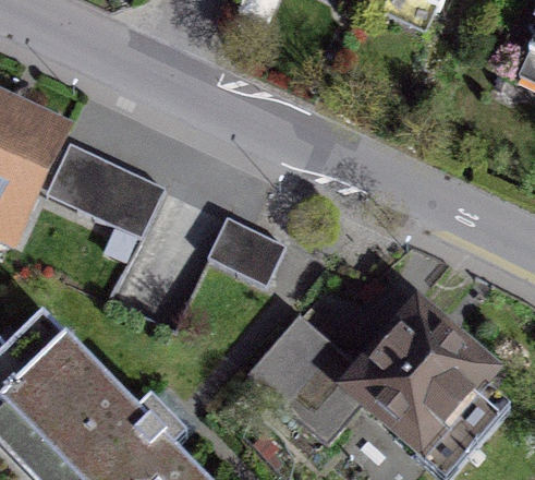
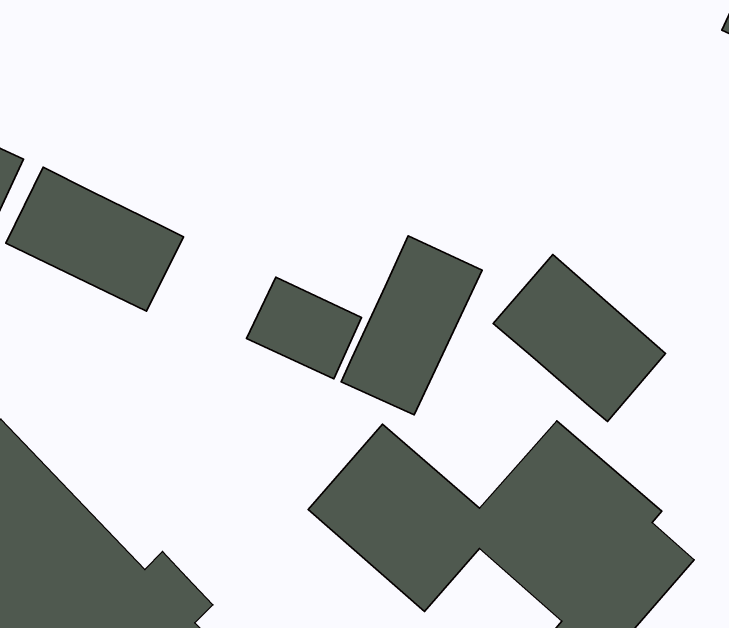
building: none -> [341,236,482,415]
building: none -> [493,255,666,422]

